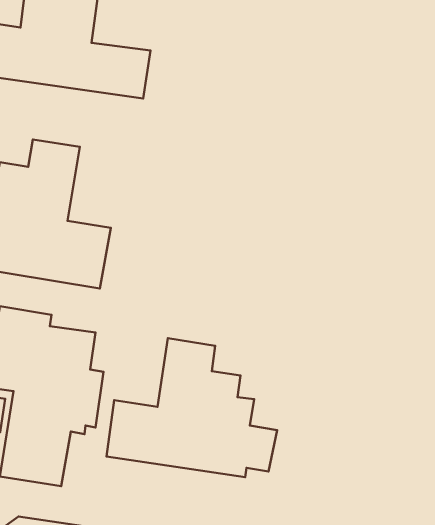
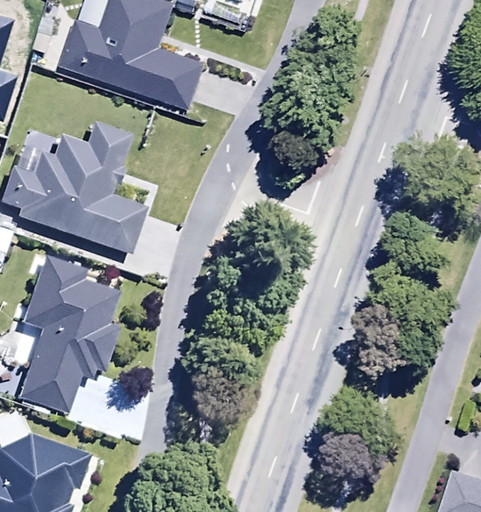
building: [107,338,277,477] -> none

